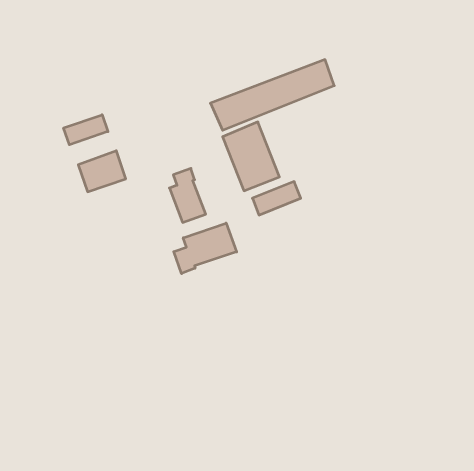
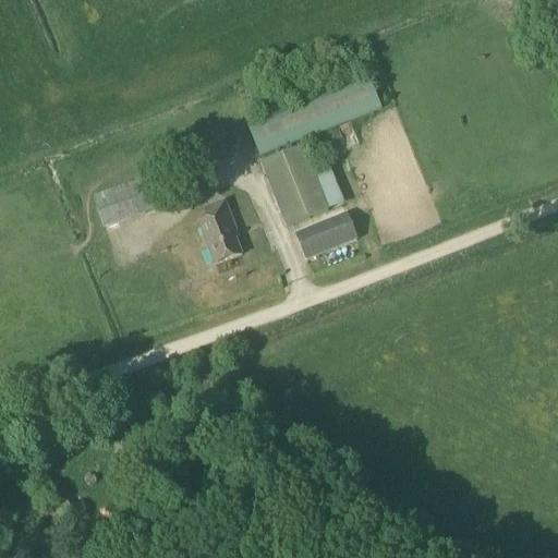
building: [64,115,108,145] -> none
building: [174,223,237,274] -> none

